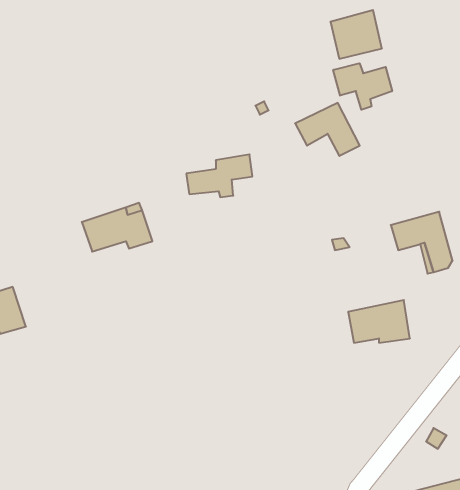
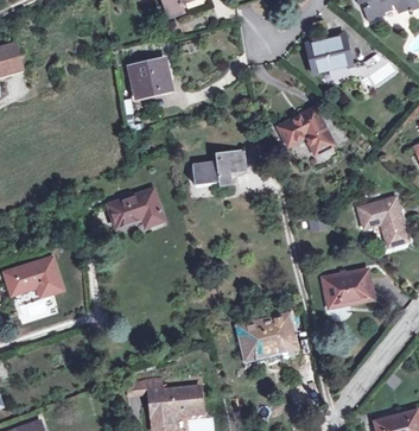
building: none -> [129,59,171,96]
building: [333,63,392,110] -> none
building: none -> [239,317,294,357]
building: none -> [148,386,201,417]

